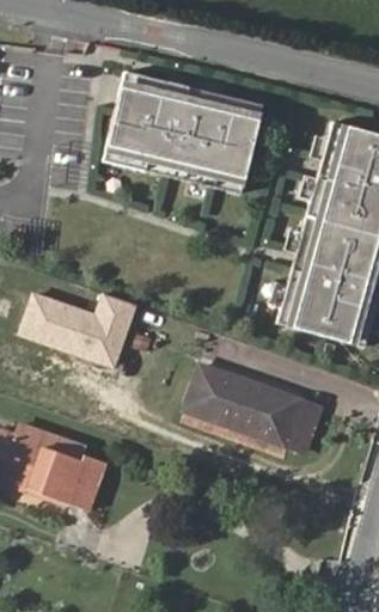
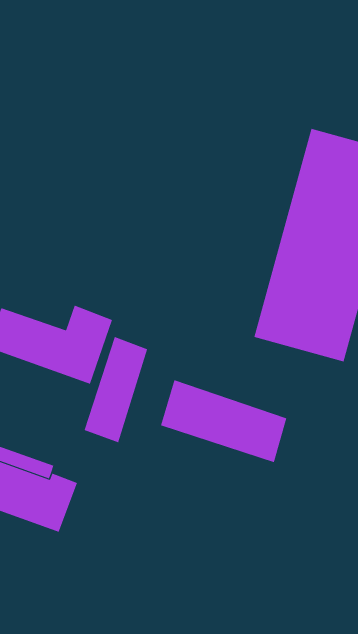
building: [102,73,261,196] -> none
building: none -> [84,336,148,443]

